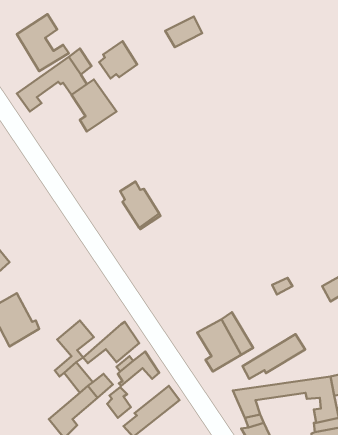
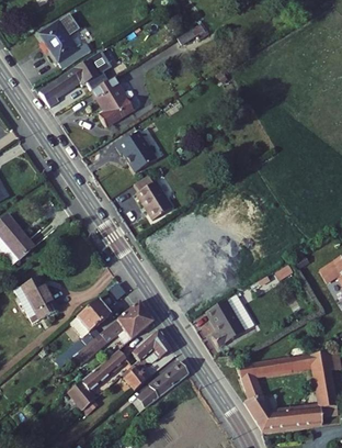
building: [99,41,137,79] -> none
building: none -> [114,130,156,172]
building: [242,334,305,379] -> none

